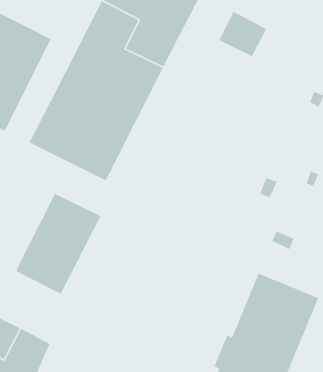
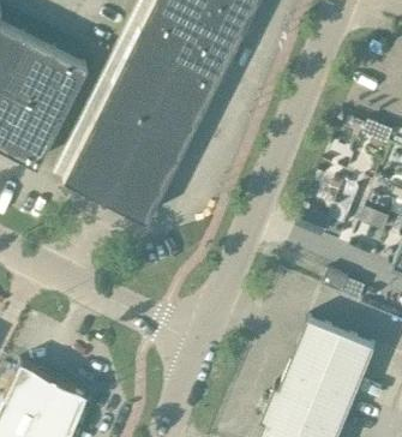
building: [218,11,267,57] -> none
building: [15,193,101,295] -> none

